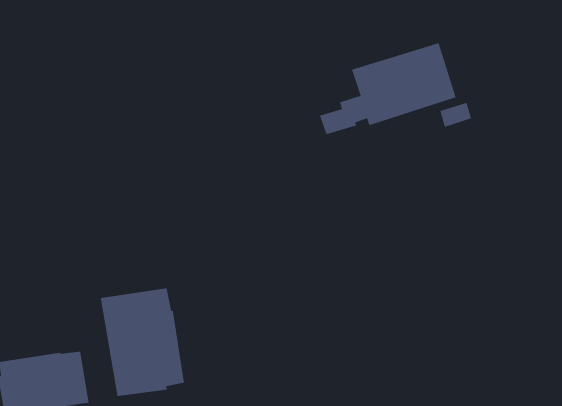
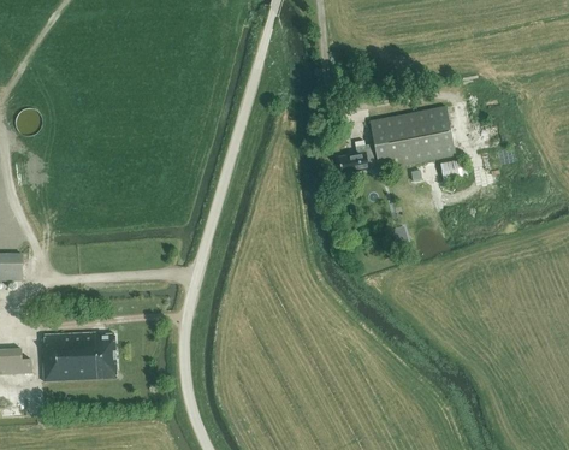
building: [100,288,185,397] -> none

